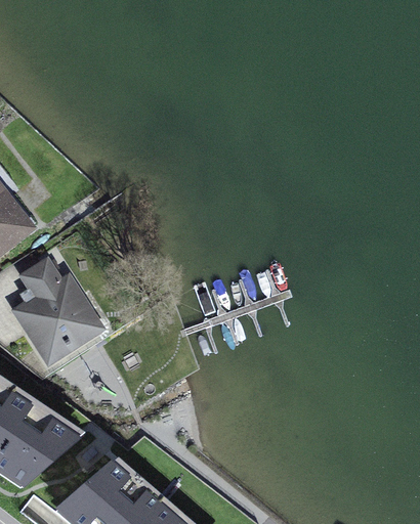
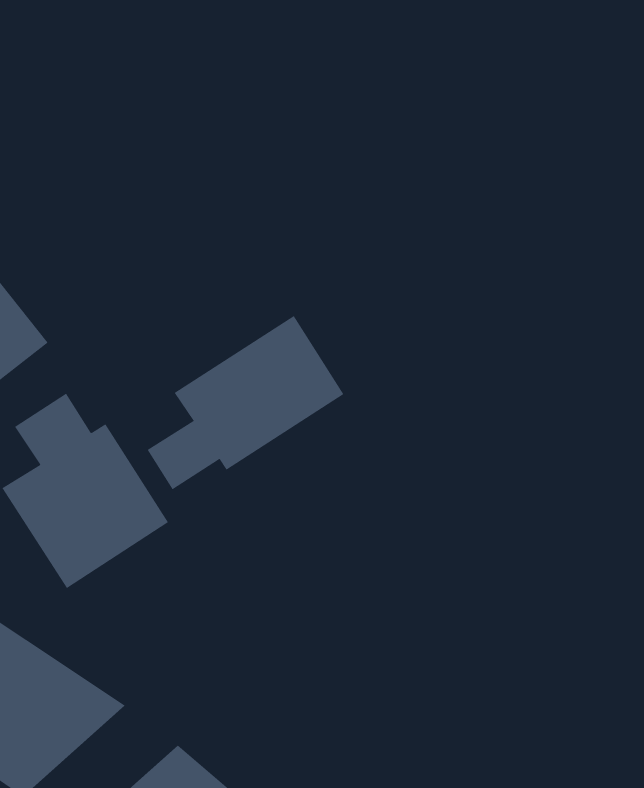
building: none -> [147,315,344,490]

